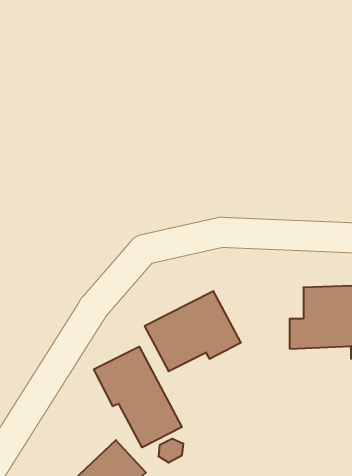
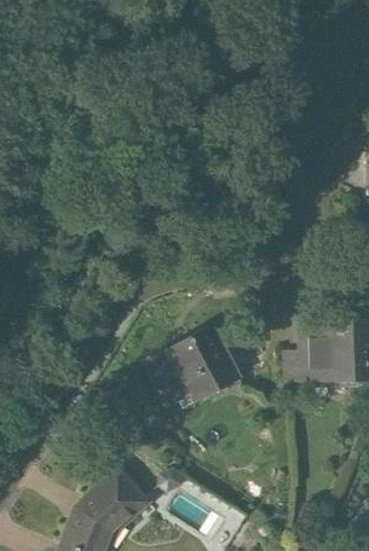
building: [94,347,182,447] -> none

